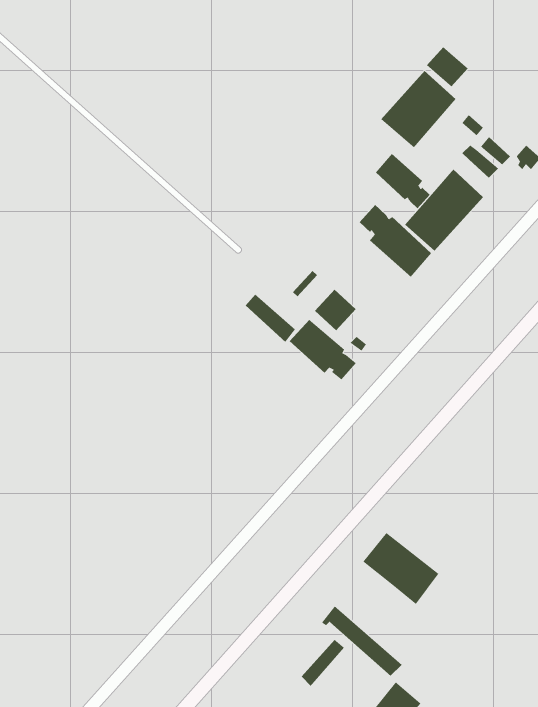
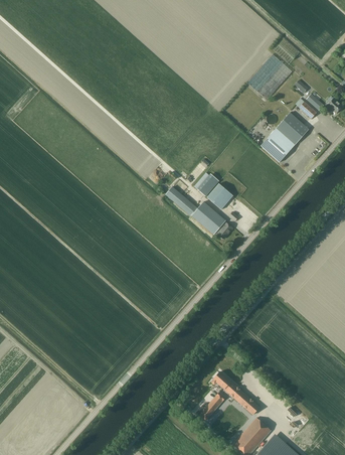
building: [375,153,430,209] -> none
building: [359,204,432,278] -> none
building: [363,532,439,605] -> none

